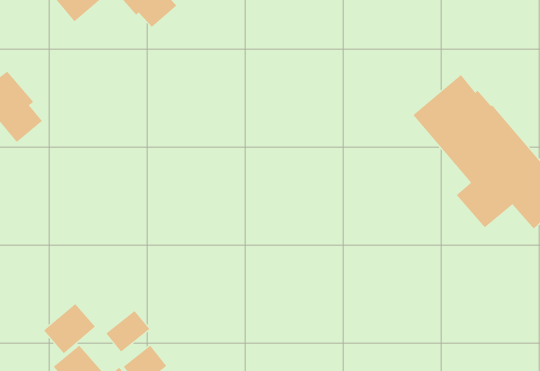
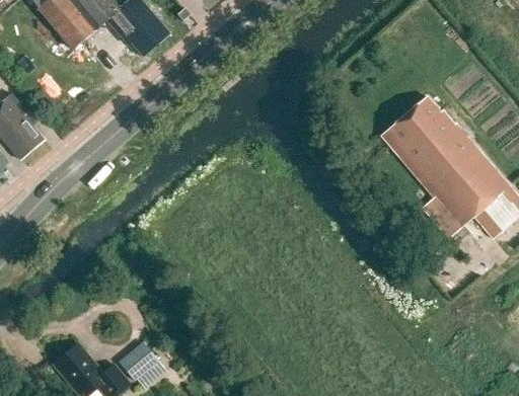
building: [43,303,96,354] -> none
building: [105,310,150,353] -> none

